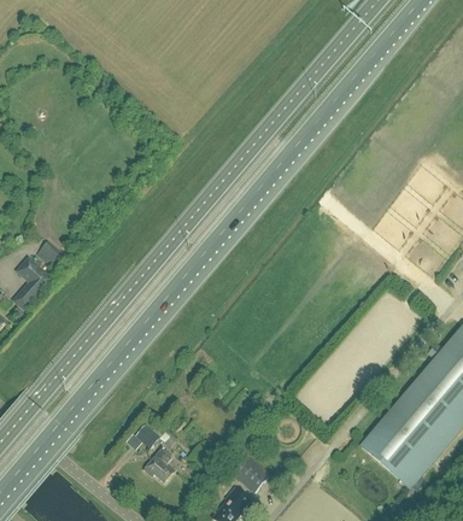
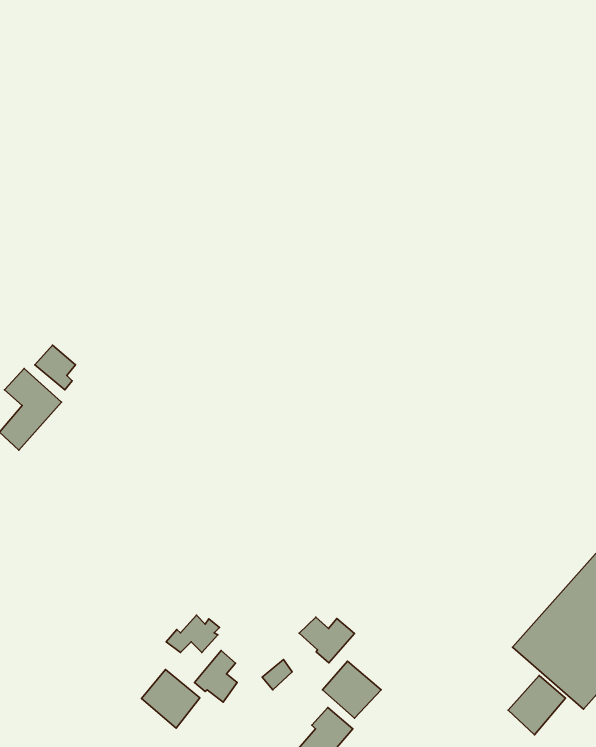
building: none -> [299,617,355,663]
building: none -> [142,670,200,728]
building: none -> [508,675,566,735]

